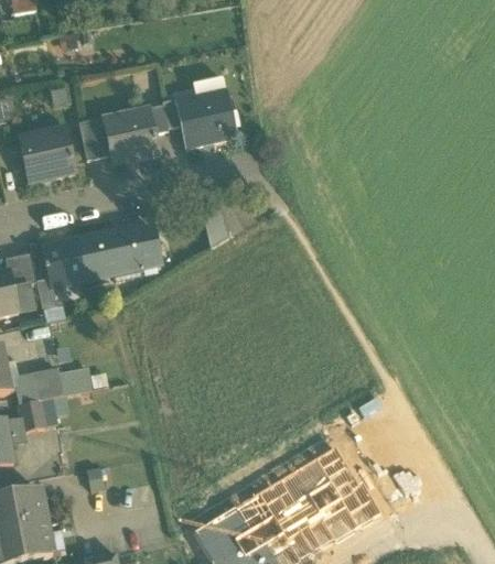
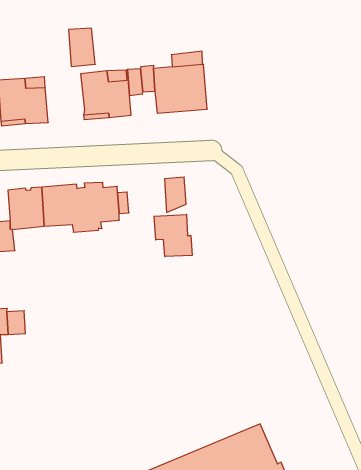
building: [78,117,110,159] -> [69,28,95,66]
building: none -> [154,214,192,257]

